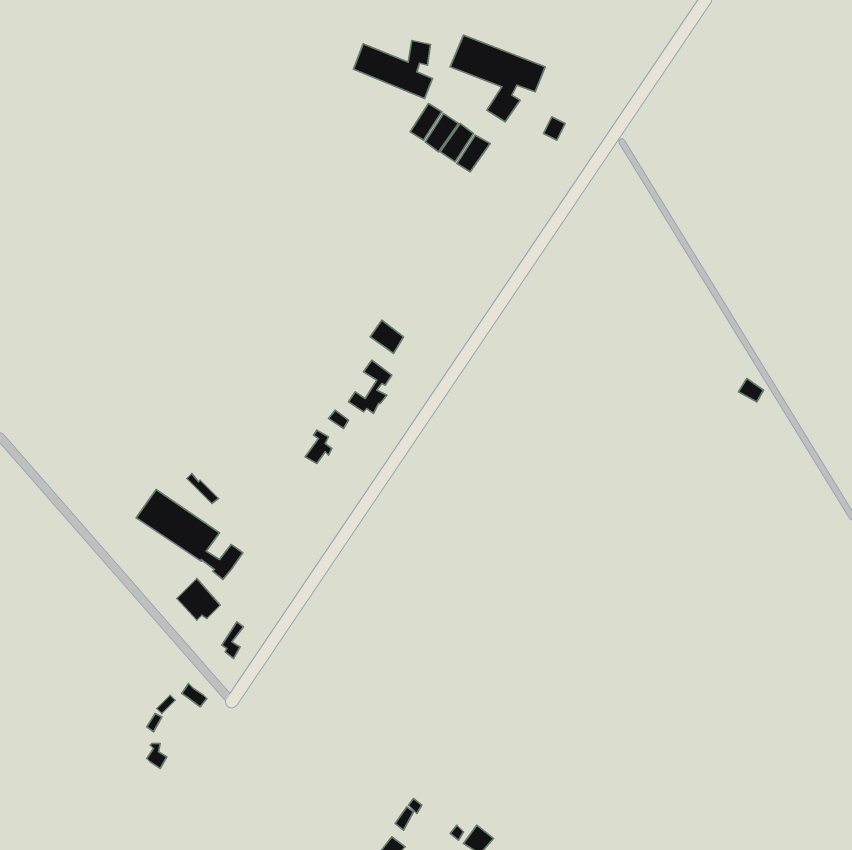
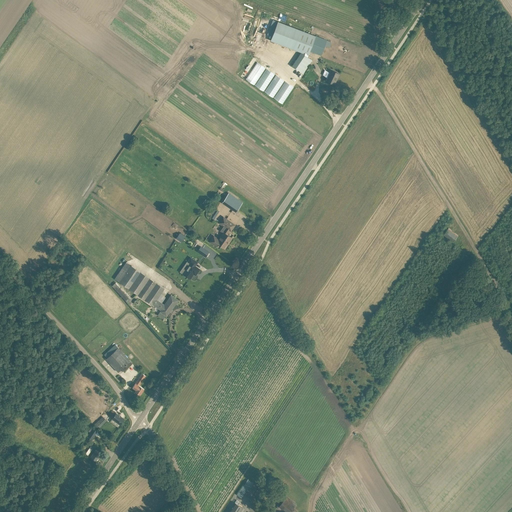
building: [354,40,433,98] -> none
building: [136,489,243,579] -> [114,263,178,317]

